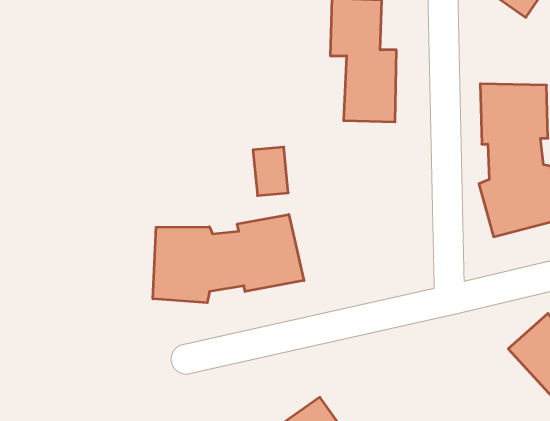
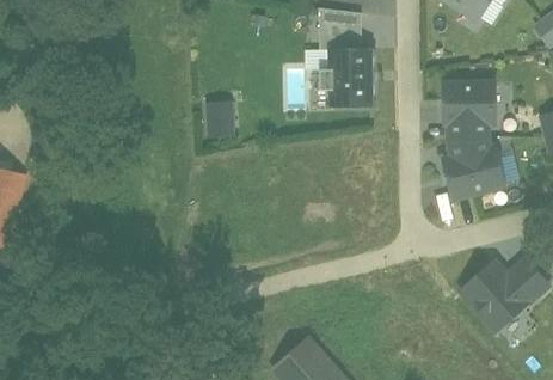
building: [253,147,288,196] -> [205,100,234,140]
building: [153,214,304,303] -> none

